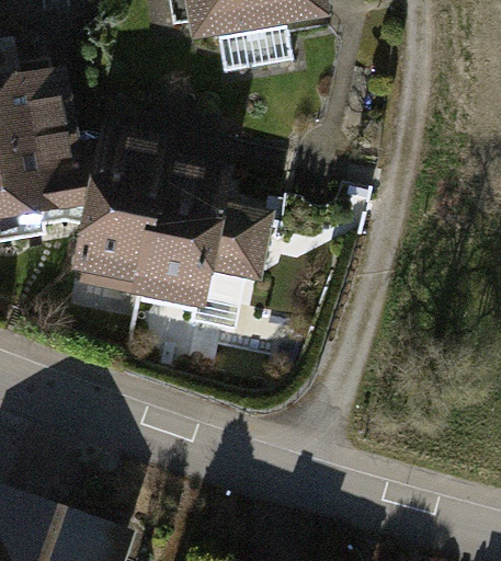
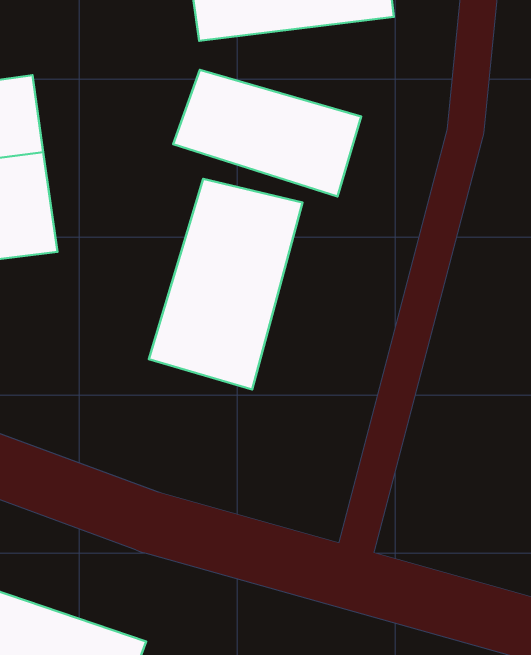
building: none -> [173,70,361,196]
building: [64,127,191,300] -> none

